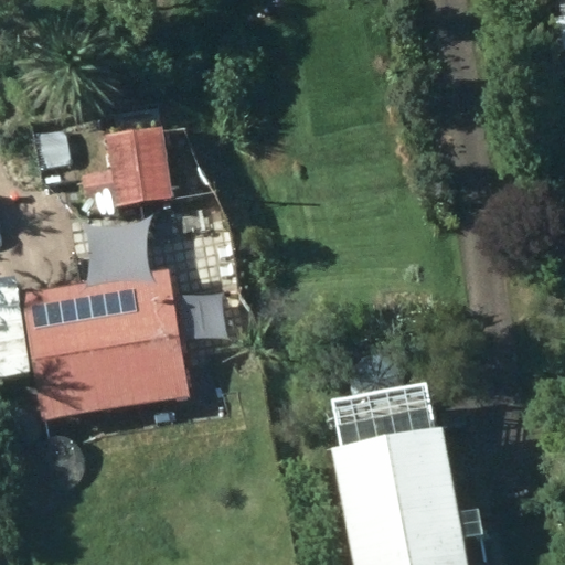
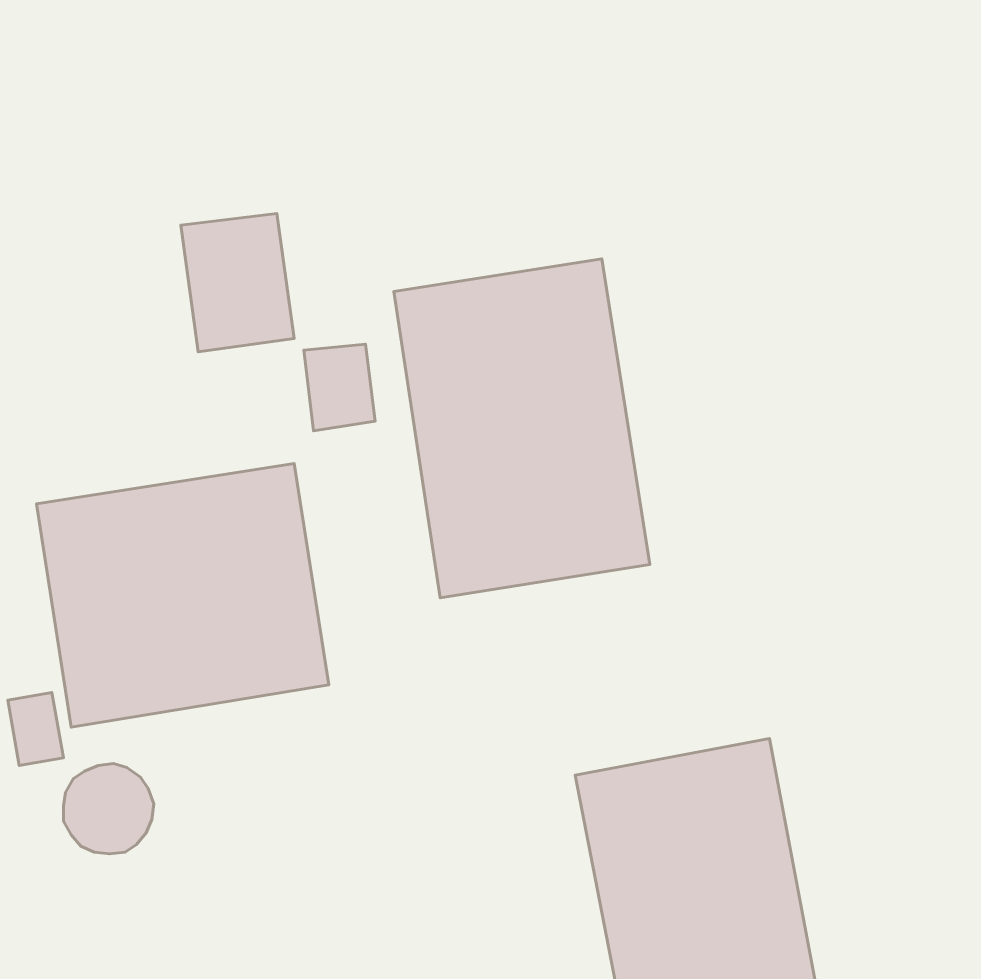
building: none -> [394,259,650,598]

